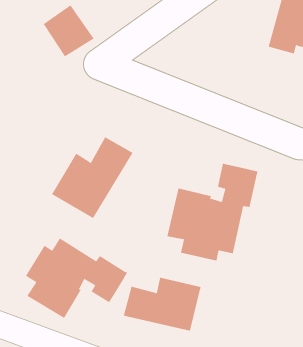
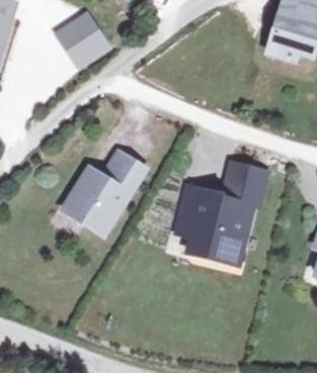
building: [25,238,128,319] -> none
building: [123,277,201,331] -> none

